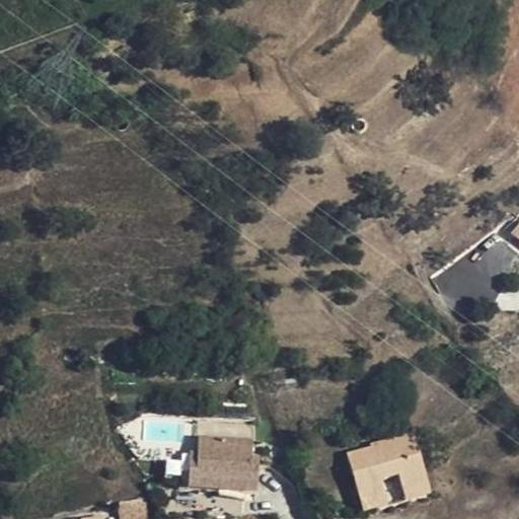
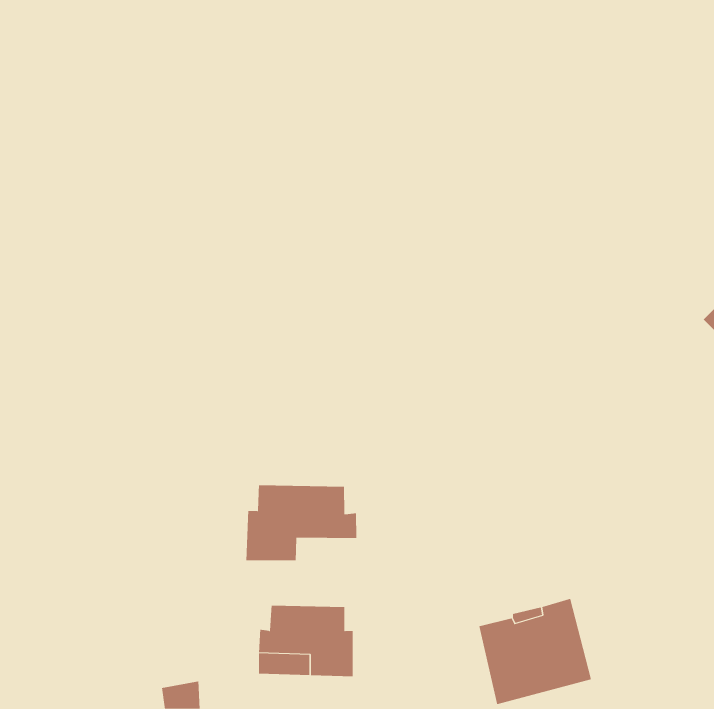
building: none -> [246,484,357,561]

